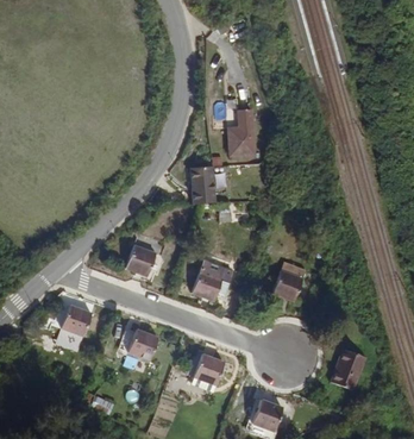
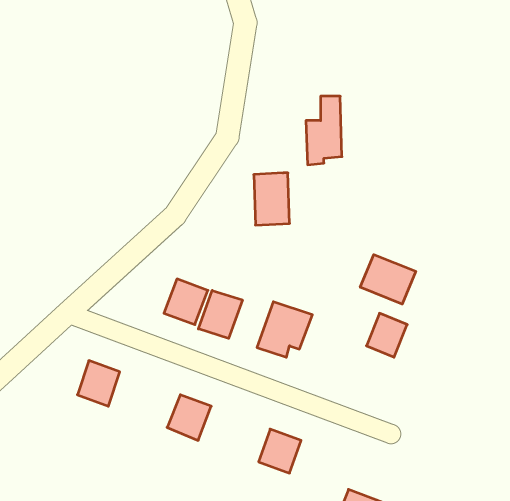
building: none -> [360,255,416,304]
building: none -> [198,290,242,338]
building: [327,347,366,391] -> none

